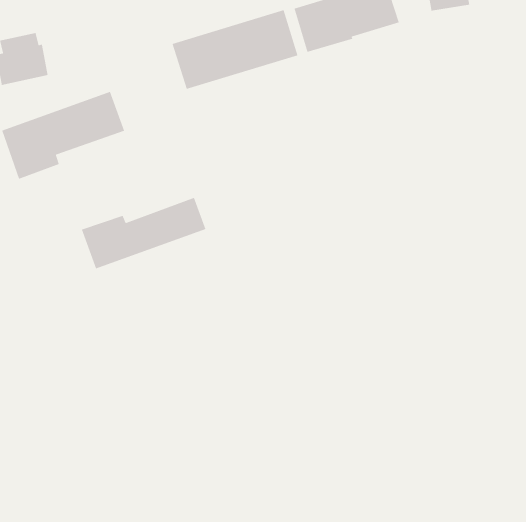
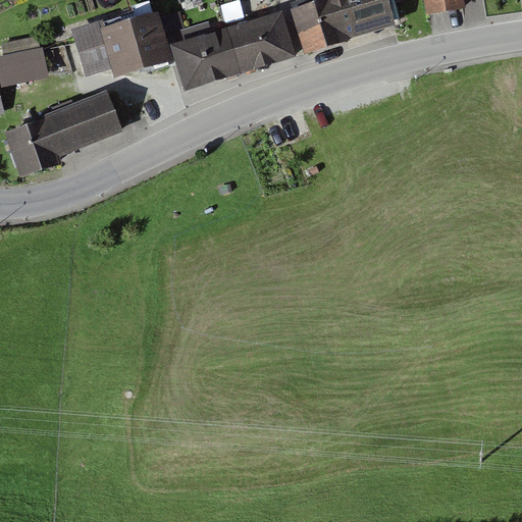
building: none -> [69,9,172,76]
building: [81,197,206,269] -> none

